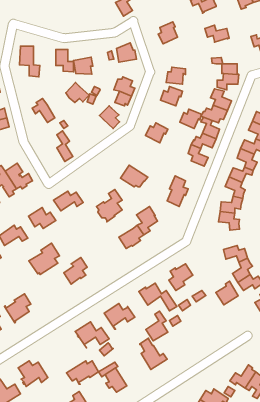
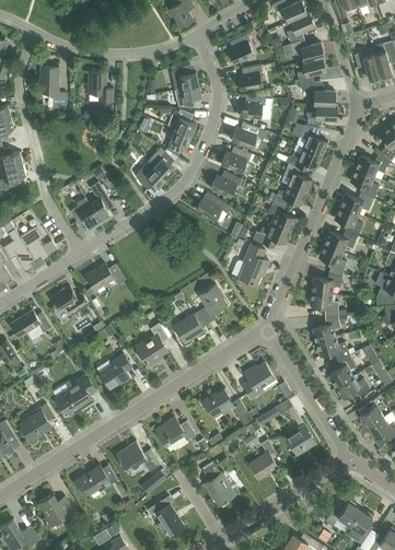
building: none -> [286,12,314,43]
building: none -> [297,56,326,83]
building: none -> [237,65,262,91]
building: [73,57,93,74] -> [174,84,200,107]
building: [66,82,89,103] -> [135,161,166,188]
building: [32,98,55,123] -> [70,197,101,230]
building: [180,109,202,129] -> [221,147,251,173]
building: none -> [252,222,290,247]
building: [120,165,148,187] -> [195,191,232,221]
building: [96,190,122,222] -> [133,323,169,366]
building: none -> [312,315,340,342]
building: [29,243,59,274] -> [55,373,96,416]
building: [216,281,238,305] -> [286,423,316,455]
building: [146,311,168,341] -> [248,438,278,479]
building: [66,361,99,384] -> [73,464,117,495]

